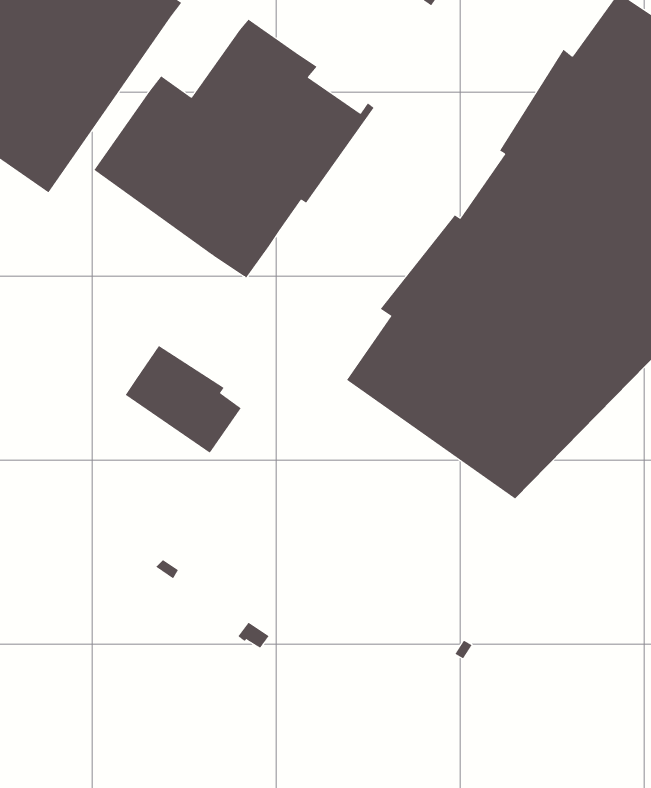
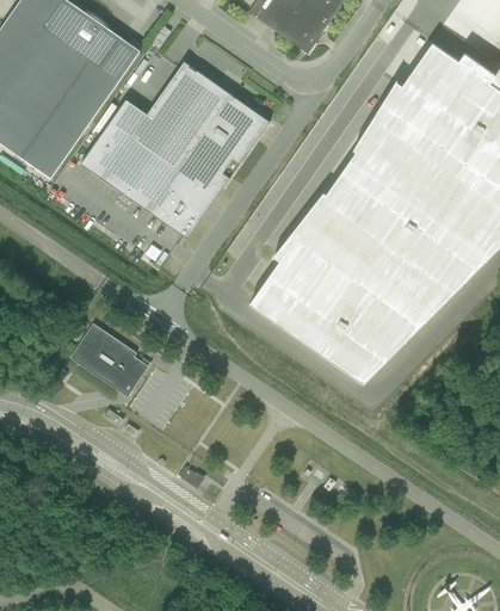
building: [125,345,246,454] -> [70,323,152,396]

